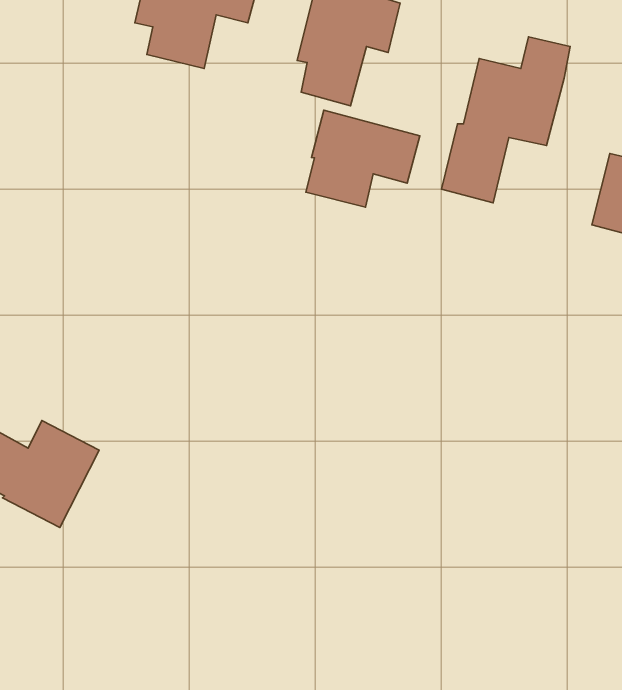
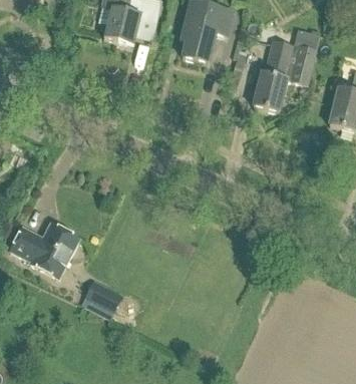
building: [306,110,420,207] -> none
building: none -> [85,279,124,312]

